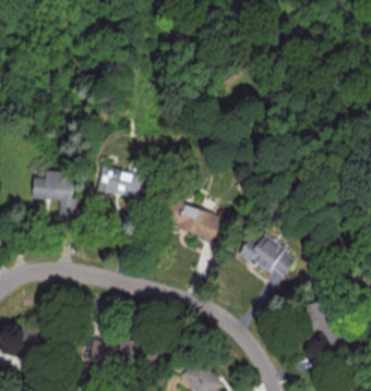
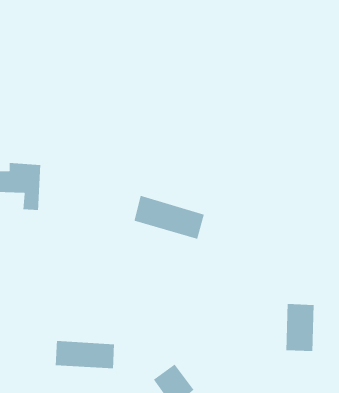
building: [97,167,143,198] -> none
building: [239,231,297,277] -> none

